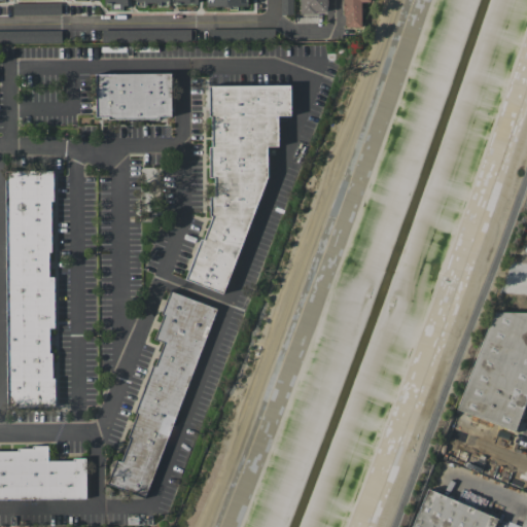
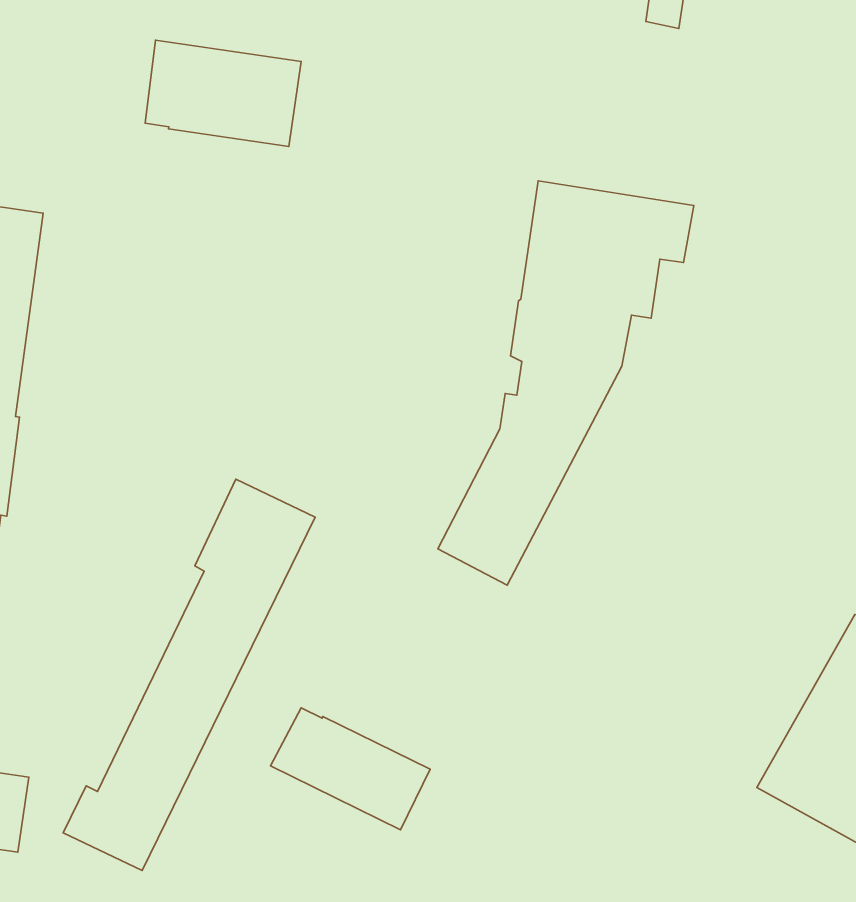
building: [187,85,292,294] -> [438,181,694,585]
building: none -> [270,708,430,830]

